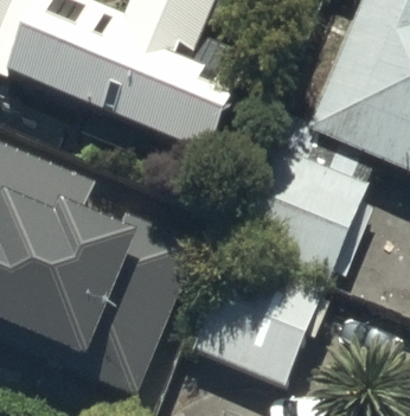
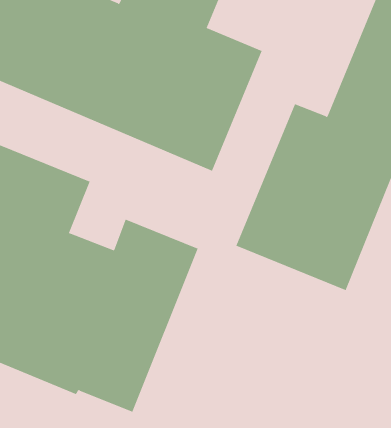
building: [192,249,327,388] -> none

